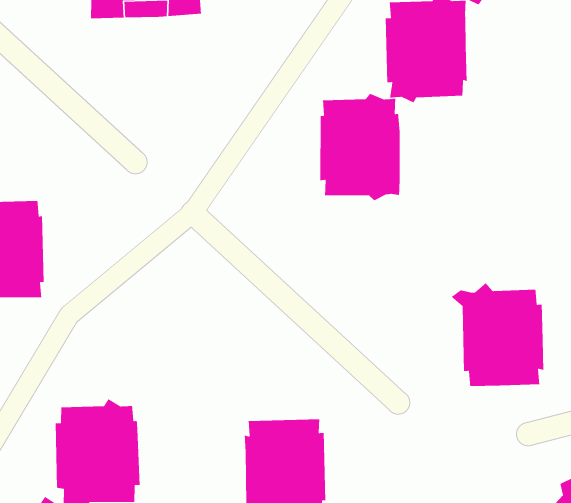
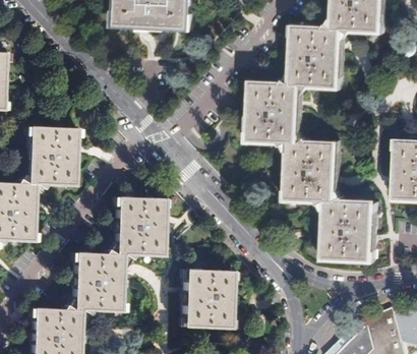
building: none -> [279,138,337,204]
building: none -> [117,197,167,259]

